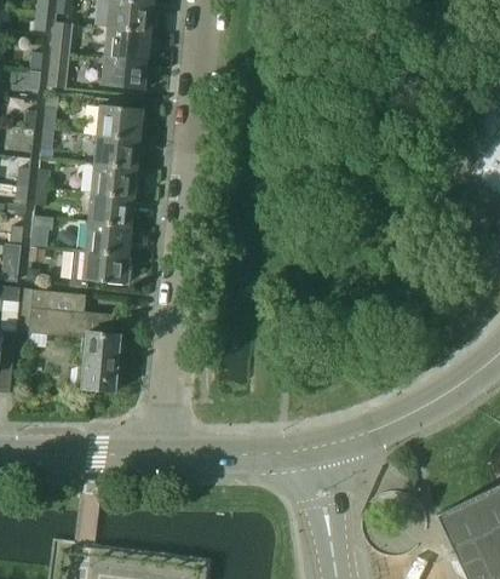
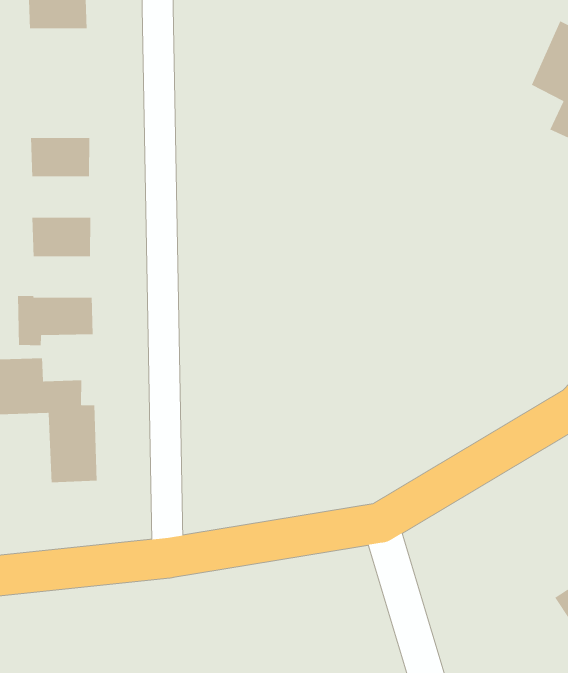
building: [99,57,145,91] -> none
building: [94,105,140,141] -> none
building: [88,165,134,199] -> none
building: [84,223,128,257] -> none

